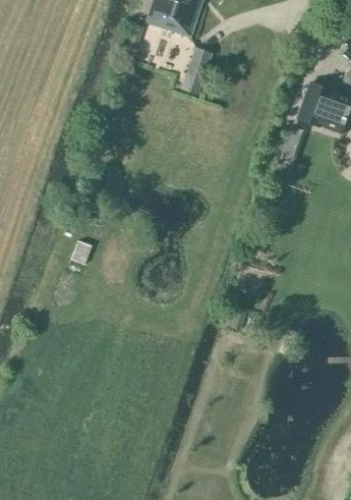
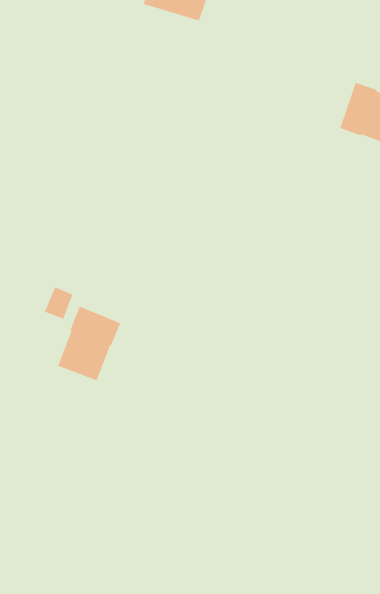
building: [180,48,211,97] -> none
building: none -> [57,306,121,381]

